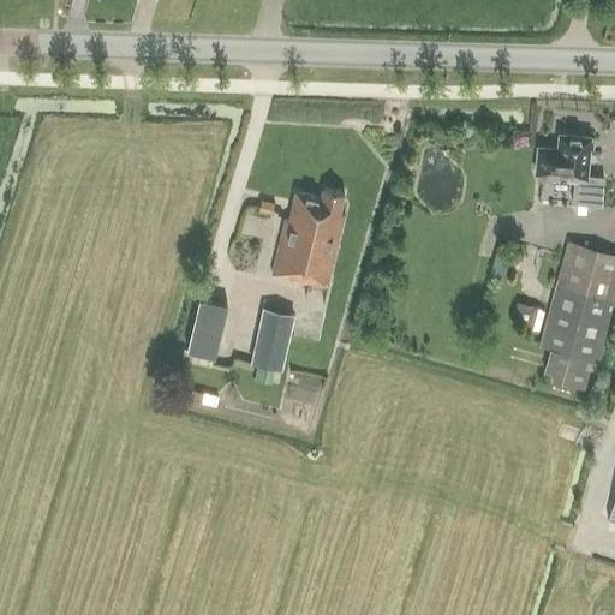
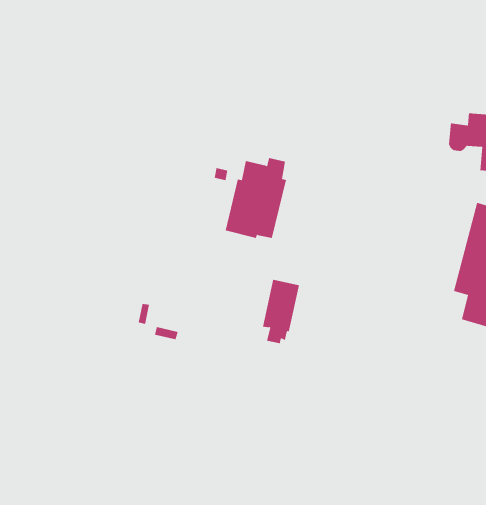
building: [186,299,227,368] -> none
building: [250,308,294,384] -> [262,279,300,344]

